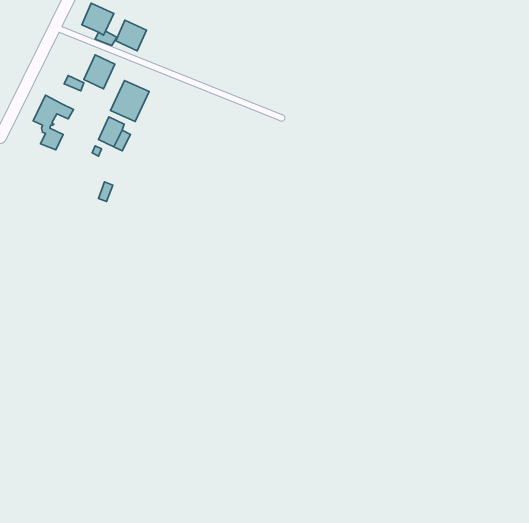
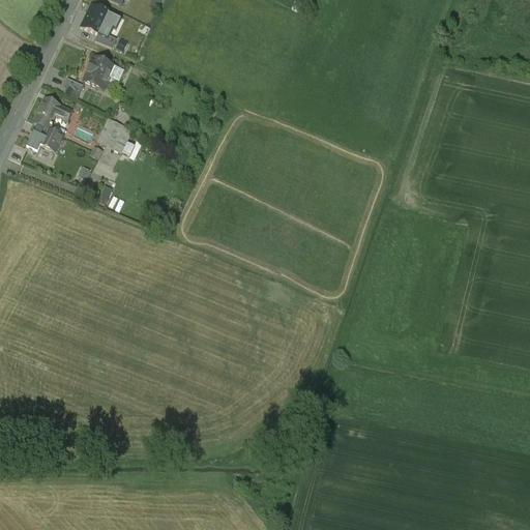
building: [116,20,146,51] -> none
building: [110,80,149,122] -> none

